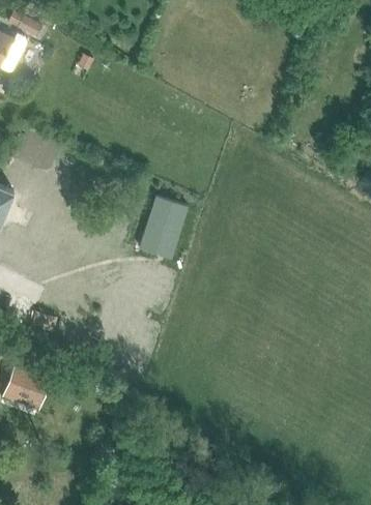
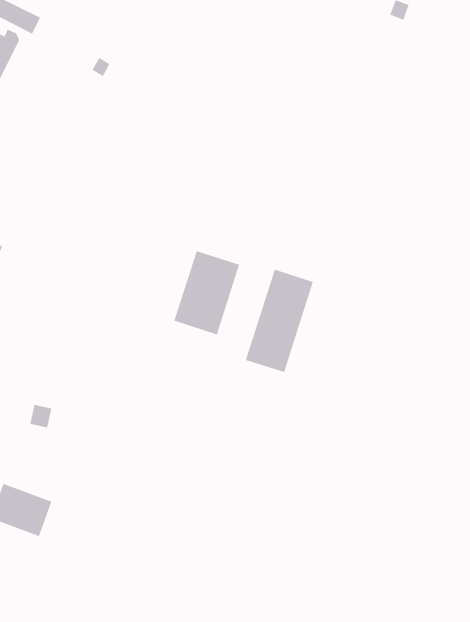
building: none -> [245,269,314,373]

